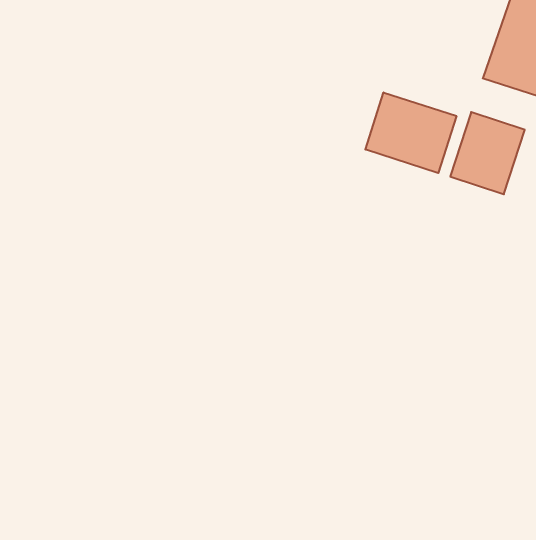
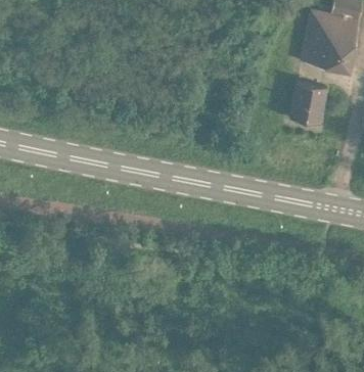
building: [365,92,456,173] -> none

